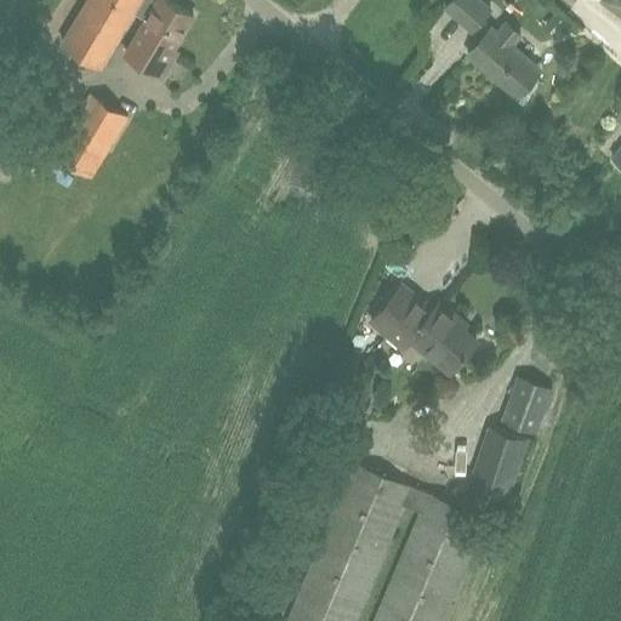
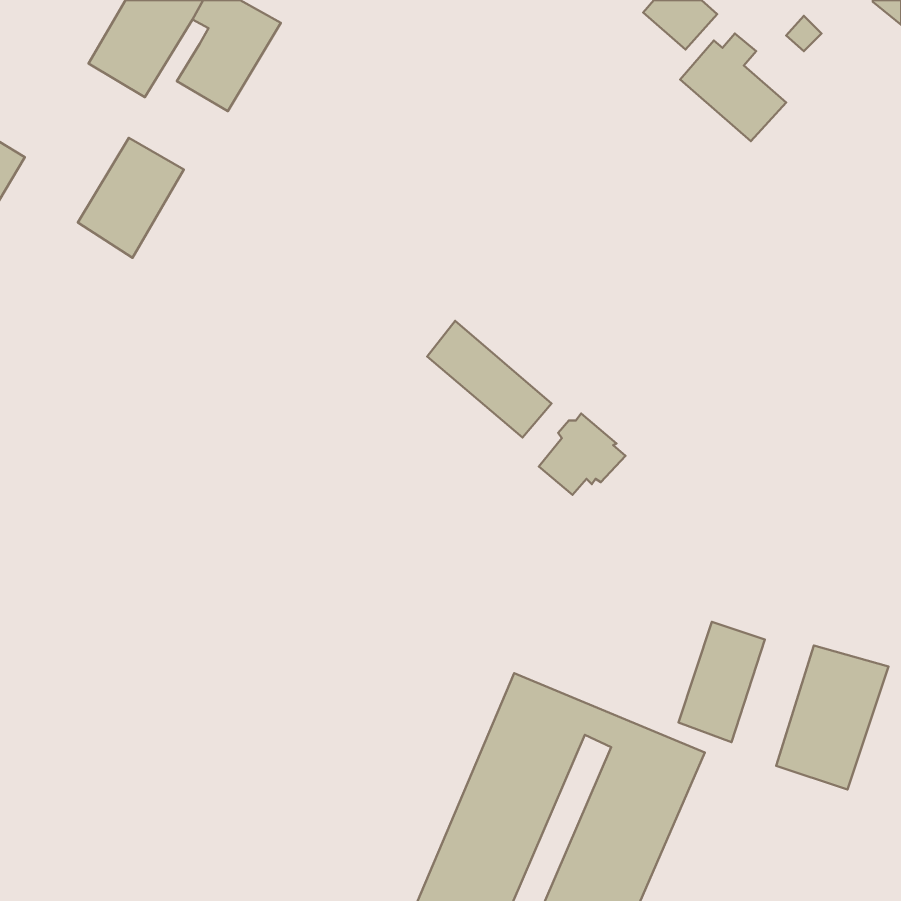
building: none -> [427,321,552,438]
building: [393,303,475,374] -> none
building: [507,380,552,433] -> none
building: none -> [776,646,889,790]

